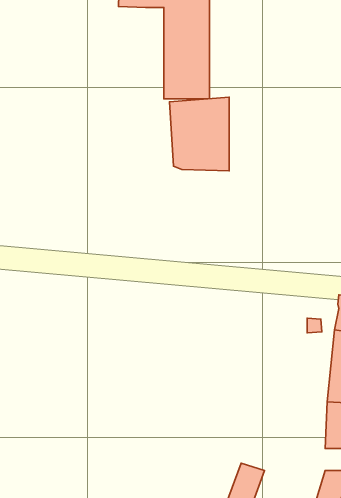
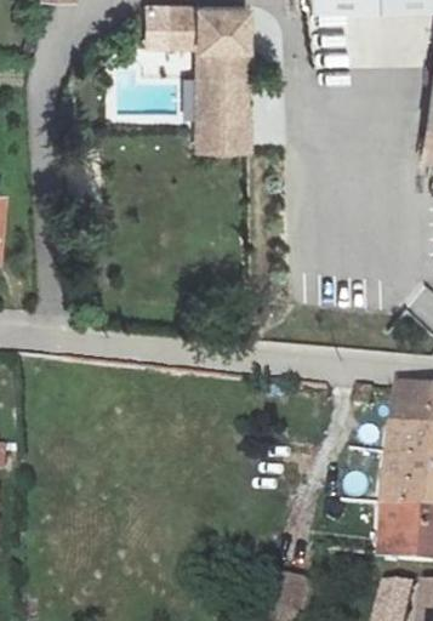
building: [170,97,229,171] -> none

